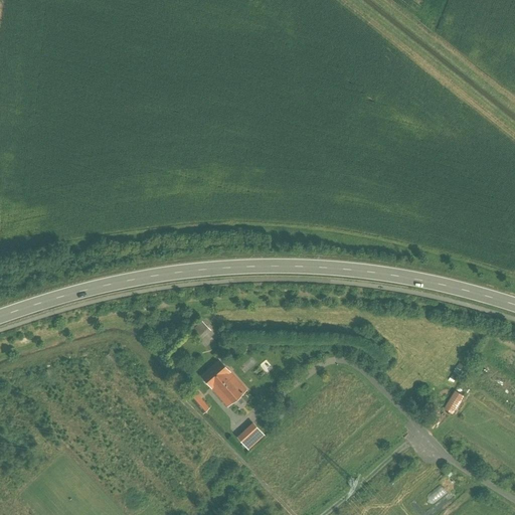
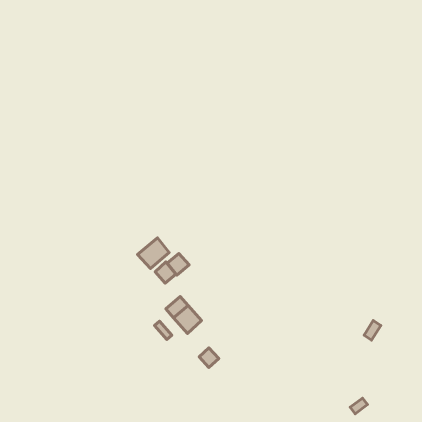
building: none -> [138,238,169,268]
building: none -> [167,253,189,275]

